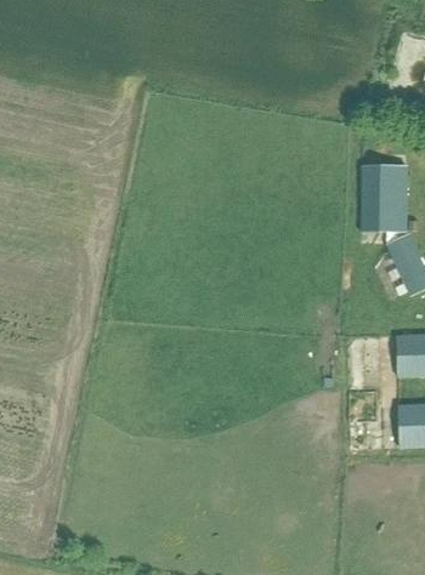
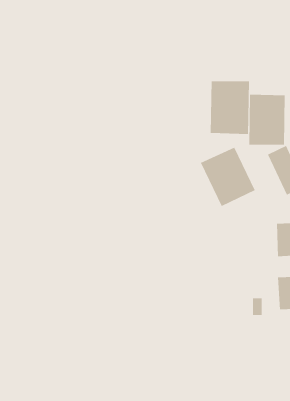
building: none -> [210,80,250,135]
building: none -> [200,147,255,207]

